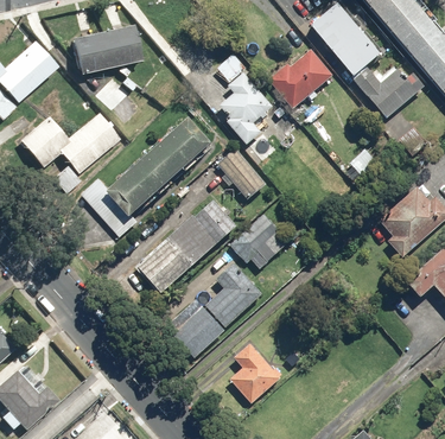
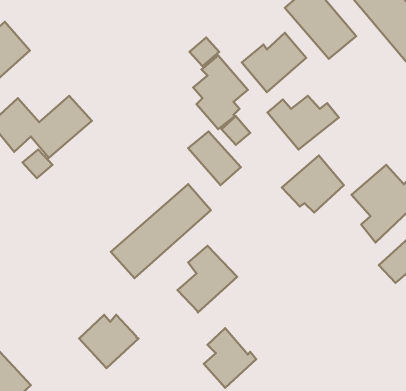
building: [71,25,141,74] -> none
building: [355,64,426,117] -> [267,96,339,150]
building: [81,116,215,237] -> none
building: [228,212,290,269] -> [282,155,344,213]
building: [167,305,227,358] -> [79,315,139,368]

